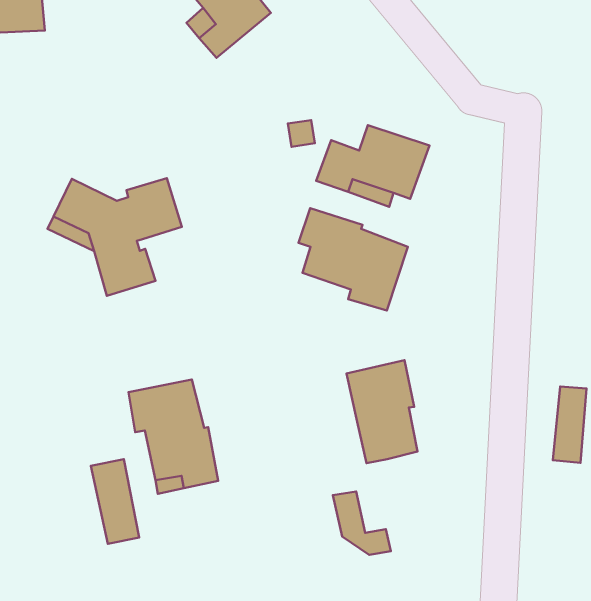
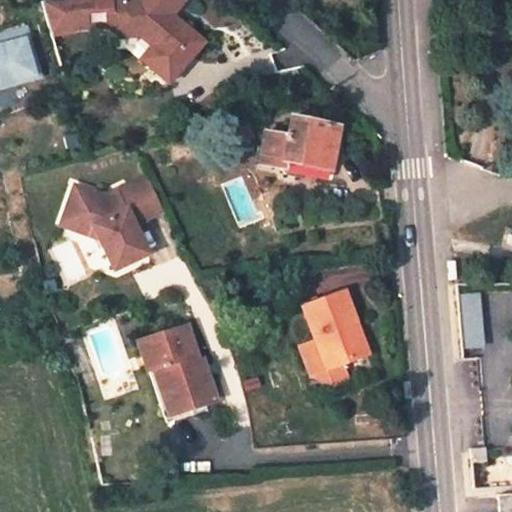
building: [298,208,408,311] -> none
building: [91,459,139,544] -> none
building: [333,492,391,555] -> [296,339,345,385]

